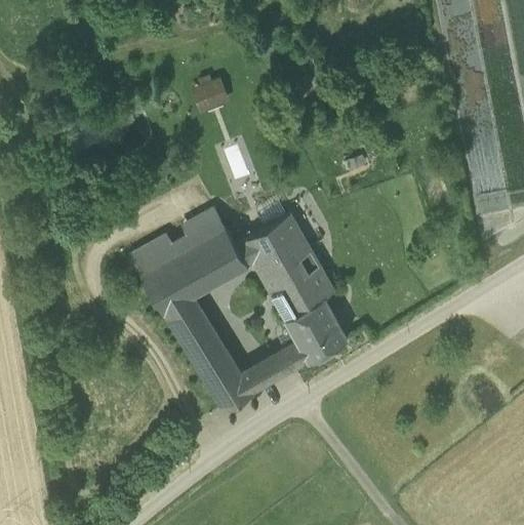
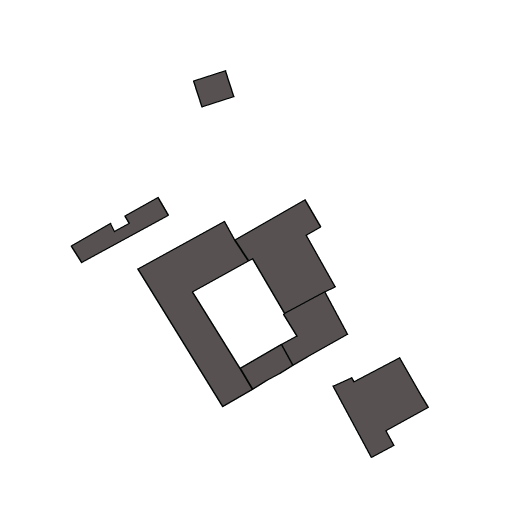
building: [128,210,225,275] -> [71,198,168,263]
building: none -> [333,358,428,457]

